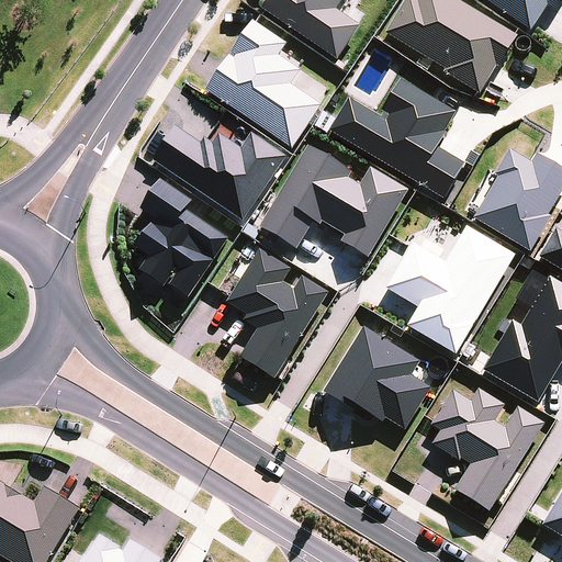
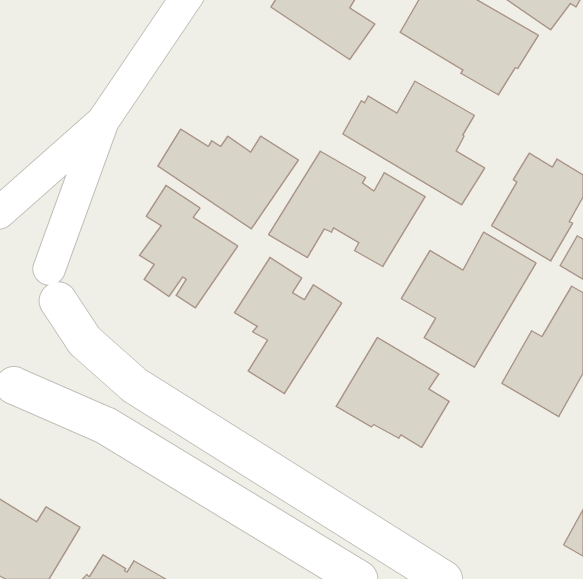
building: [205,19,322,146] -> none
building: [430,385,543,509] -> none

